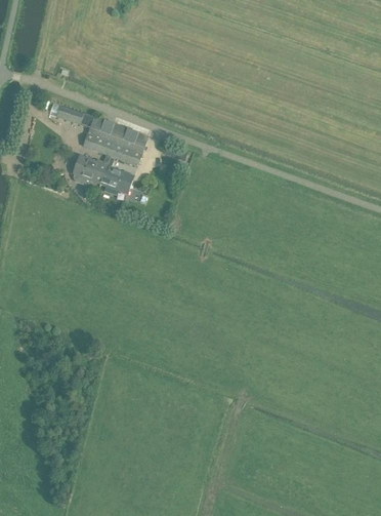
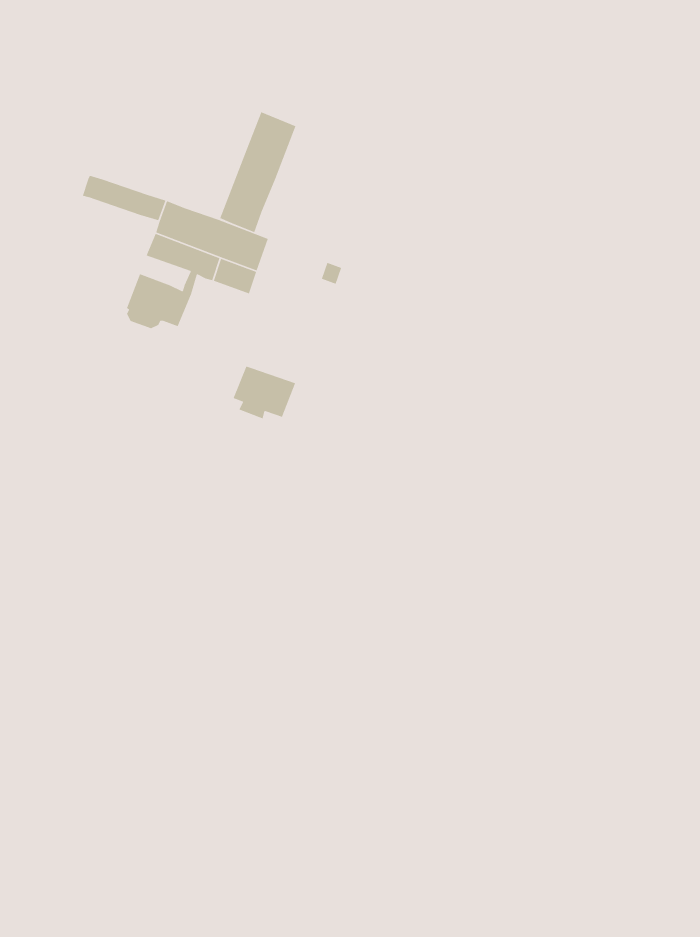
building: none -> [219,111,296,233]
building: [99,165,133,194] -> [232,366,296,420]

